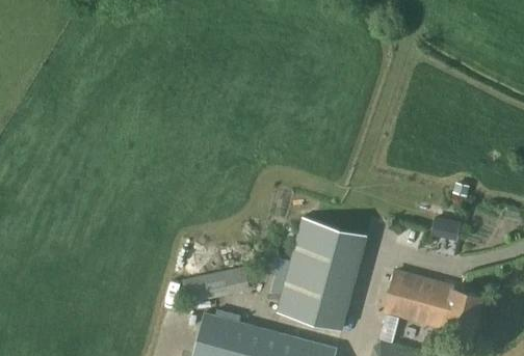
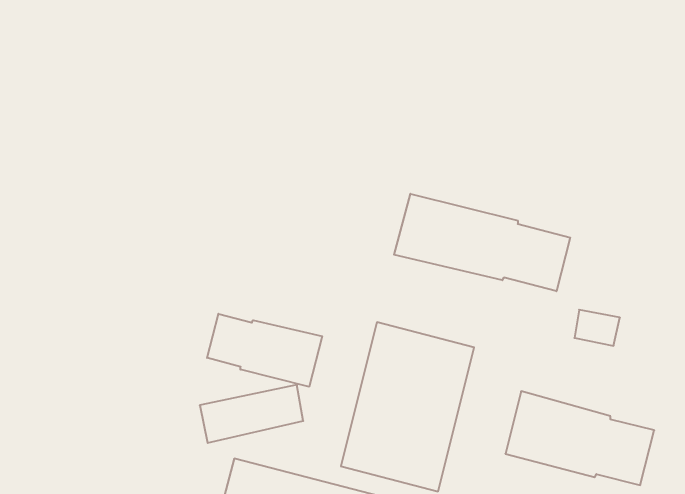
building: none -> [394,194,570,291]
building: none -> [207,314,322,387]

